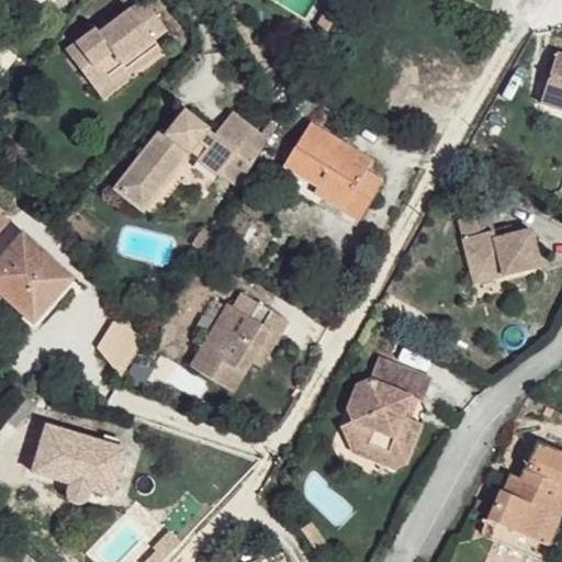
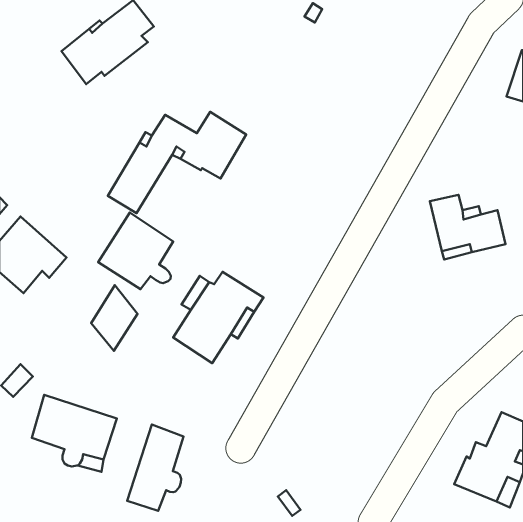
building: [283,122,382,218] -> none
building: none -> [98,212,173,289]
building: [339,353,434,464] -> none
building: none -> [127,425,184,511]

